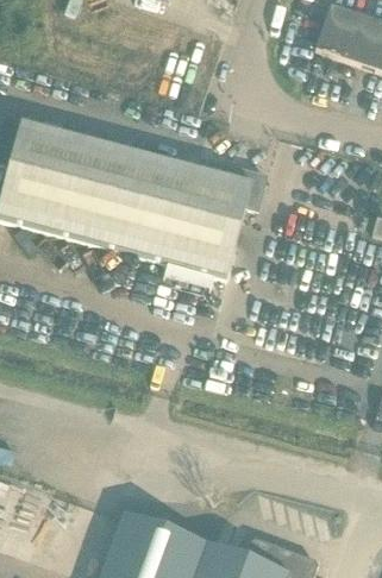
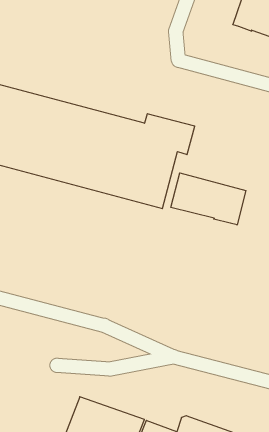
building: none -> [171,173,246,225]

